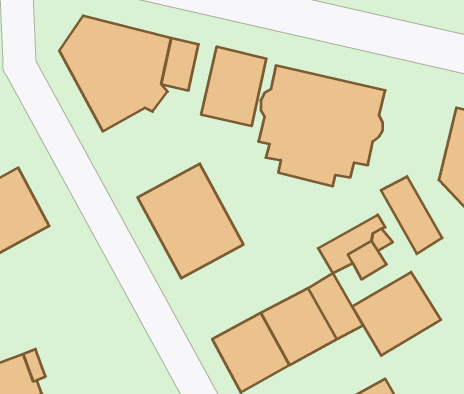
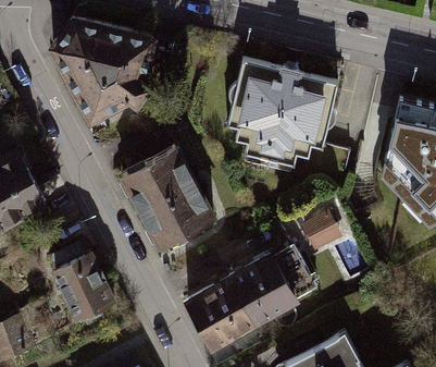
building: [201,47,266,126] -> none
building: [381,176,442,254] -> none
building: none -> [54,240,111,316]
building: [352,272,441,356] -> none

